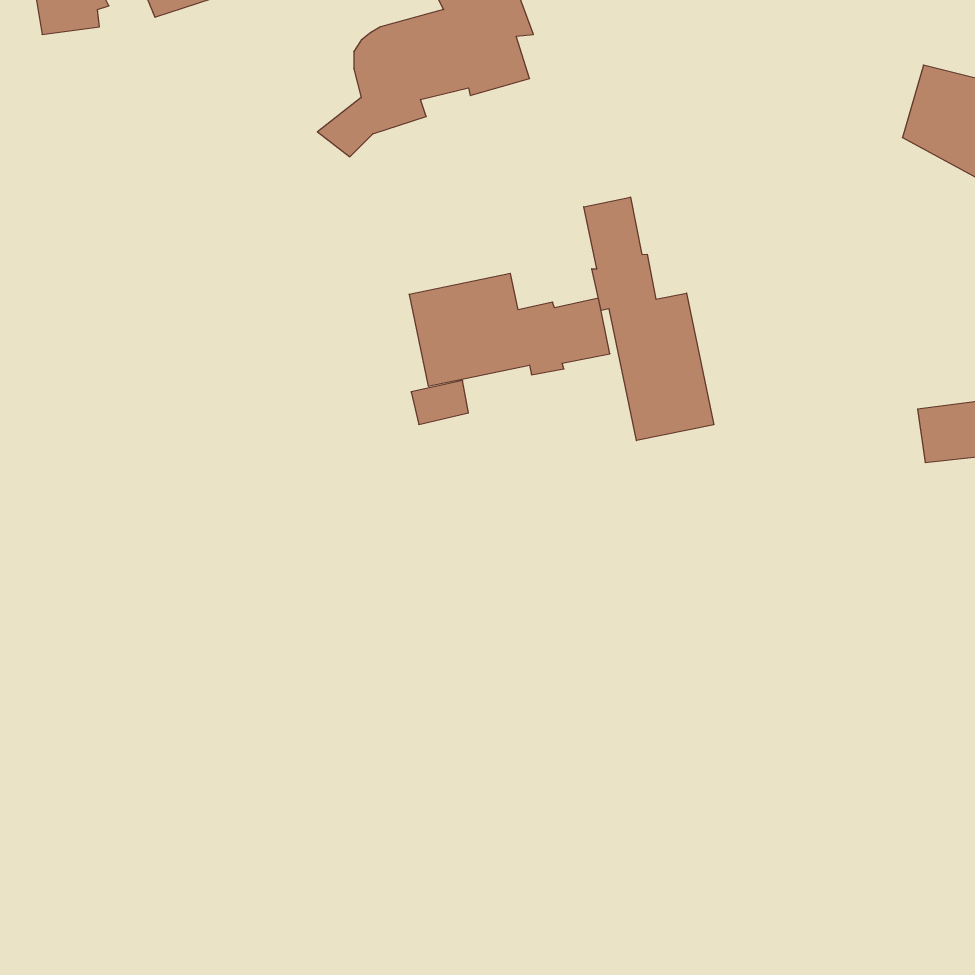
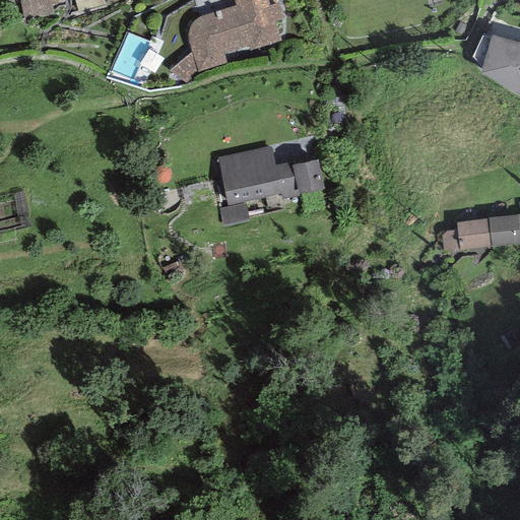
building: [584,197,714,441] -> none
building: none -> [442,217,493,251]

